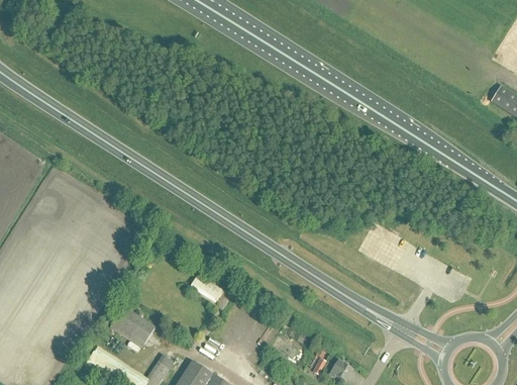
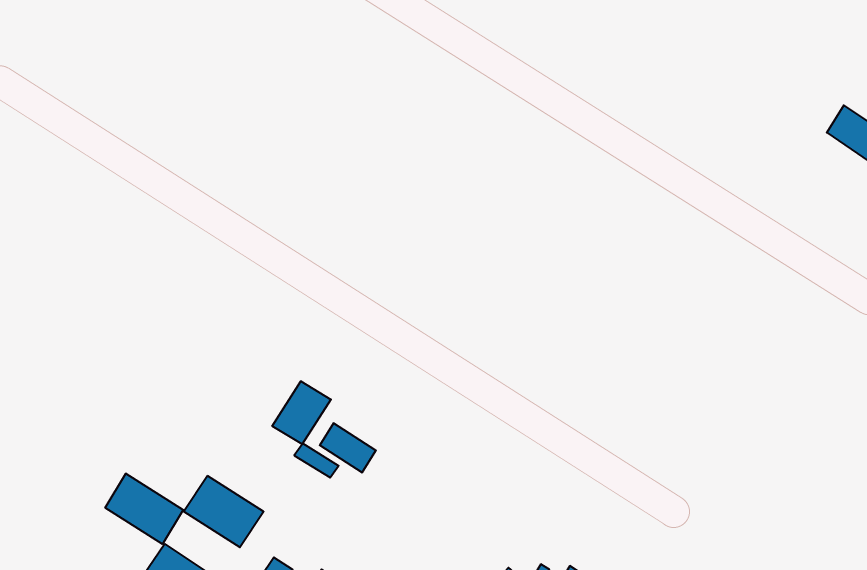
building: none -> [272,381,331,444]
building: none -> [105,473,183,544]

